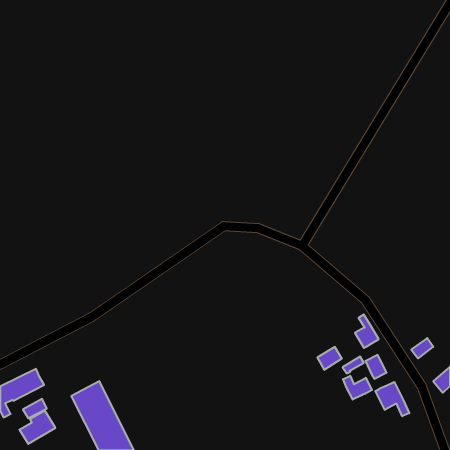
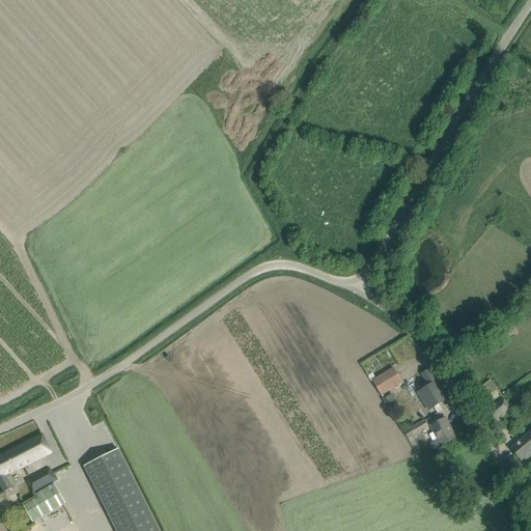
building: [317,347,342,370] -> [372,368,401,395]
building: [343,376,372,400] -> none
building: [375,382,409,416] -> none

